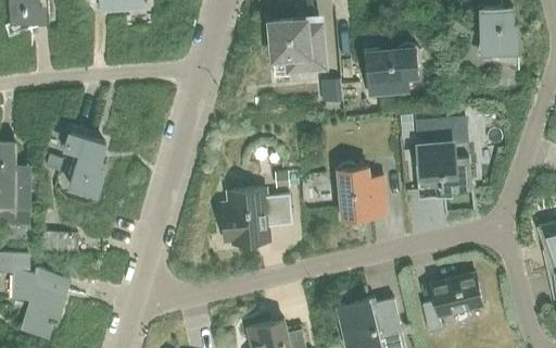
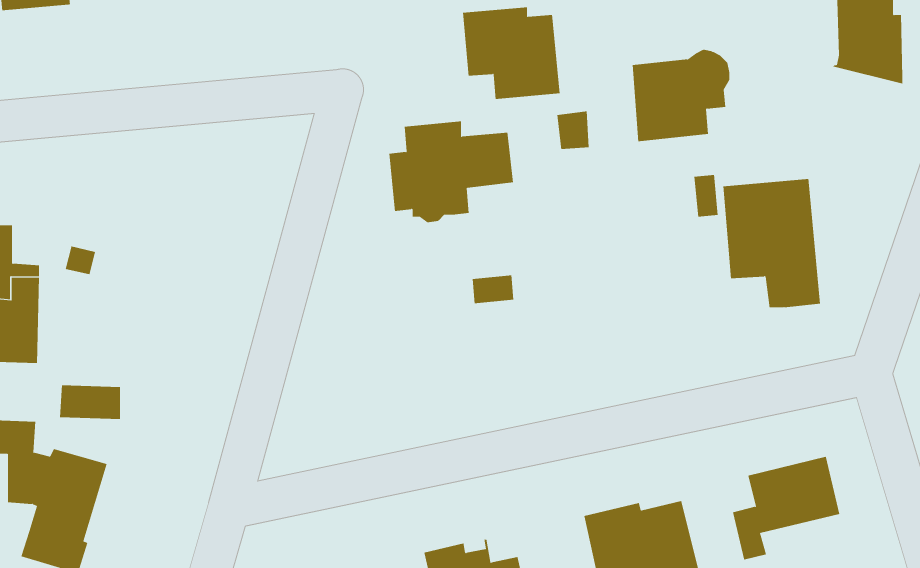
building: [65,133,105,194] -> none
building: [415,159,452,198] -> none
building: [334,163,386,219] -> none
building: [222,188,292,246] -> [389,121,514,223]

